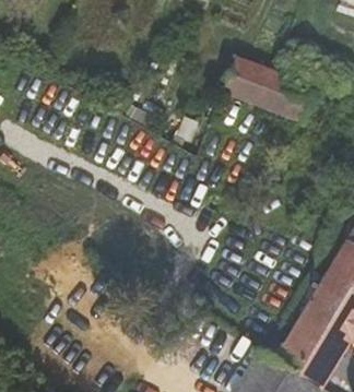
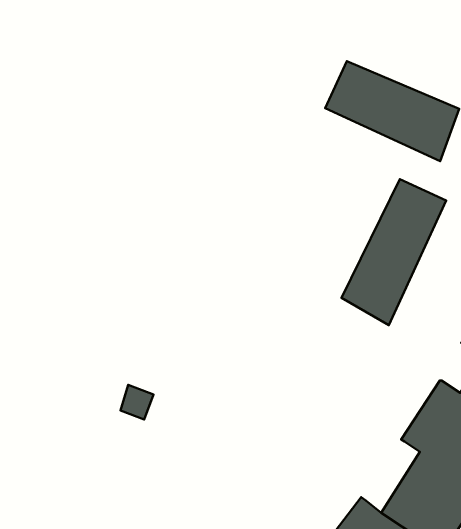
building: none -> [341,179,446,325]

